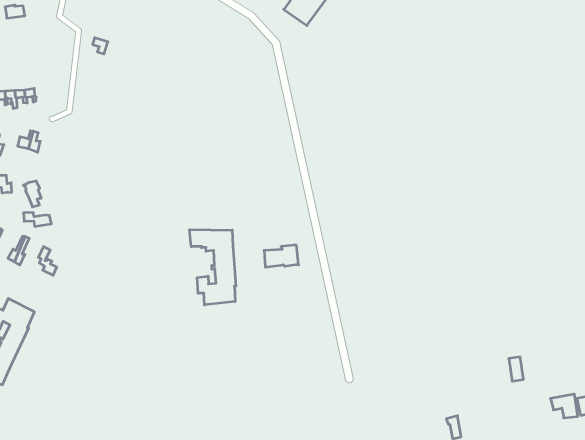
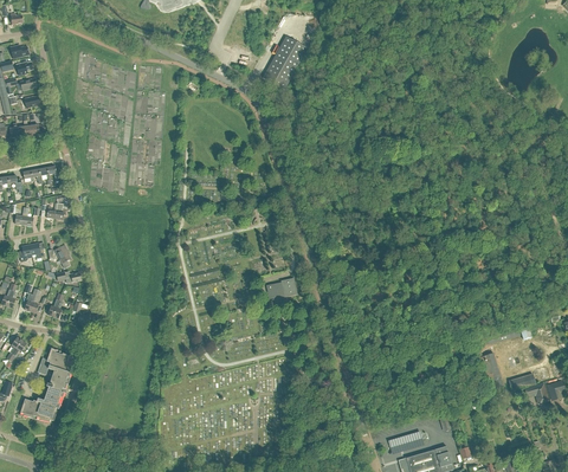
building: [190,230,236,305] -> none

